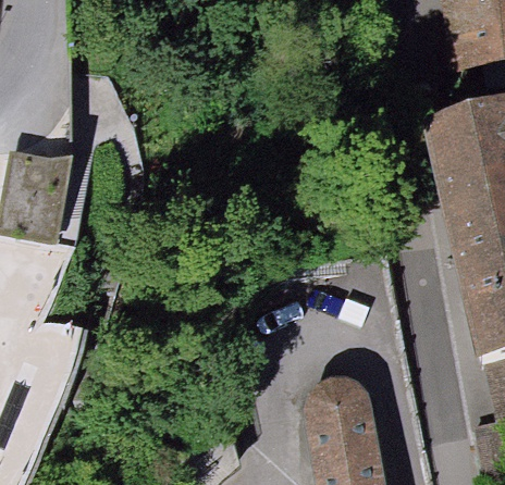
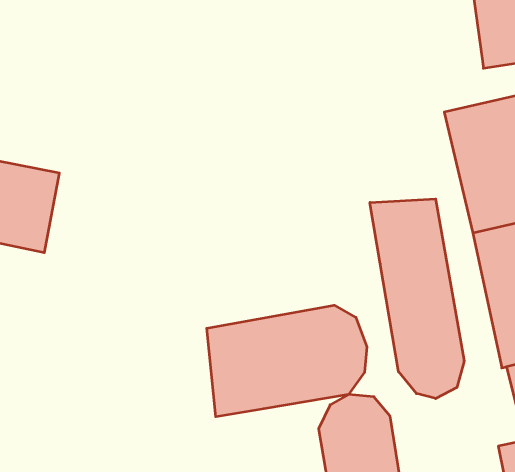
building: none -> [370,199,464,399]
building: none -> [207,305,367,417]

